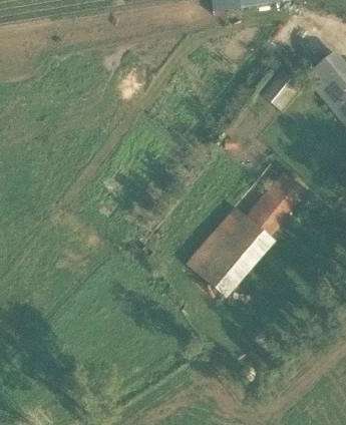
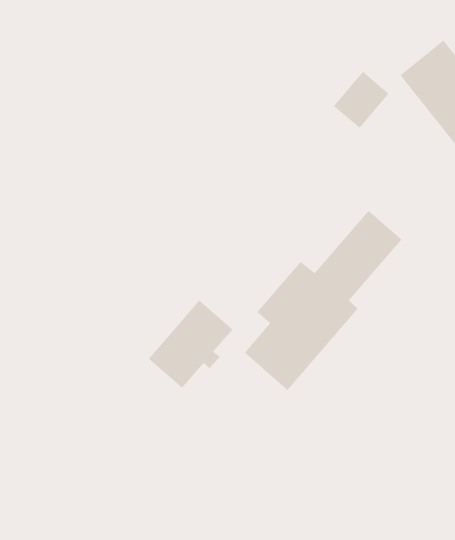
building: none -> [148,299,233,389]

